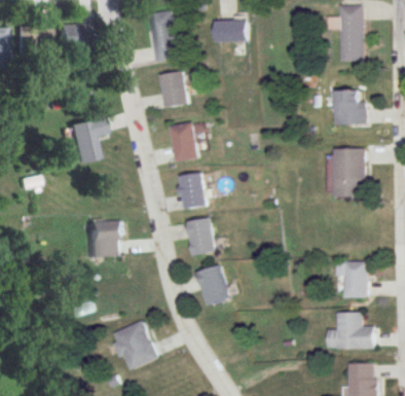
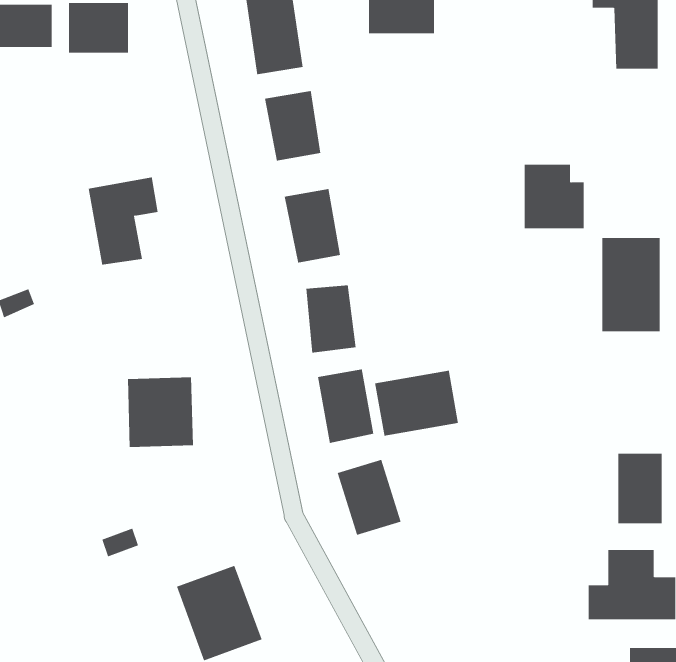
building: [334,91,366,124] -> [524,164,585,229]
building: none -> [375,370,459,436]

